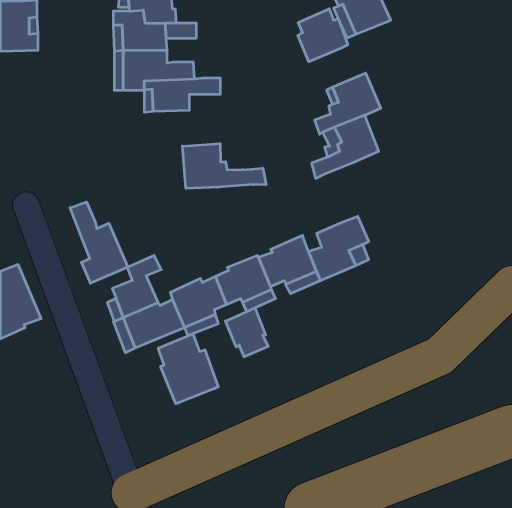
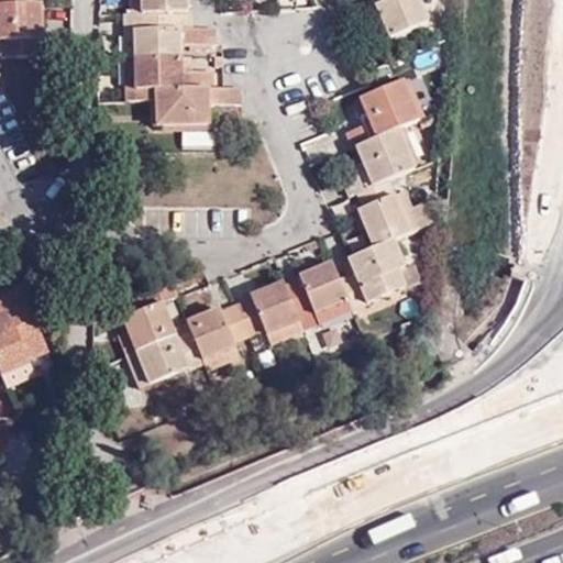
building: [298,9,348,62] -> none
building: [182,144,266,188] -> none
building: none -> [357,178,410,245]
building: [70,202,128,283] -> none
building: [225,308,268,357] -> none
building: [158,334,218,404] -> none

